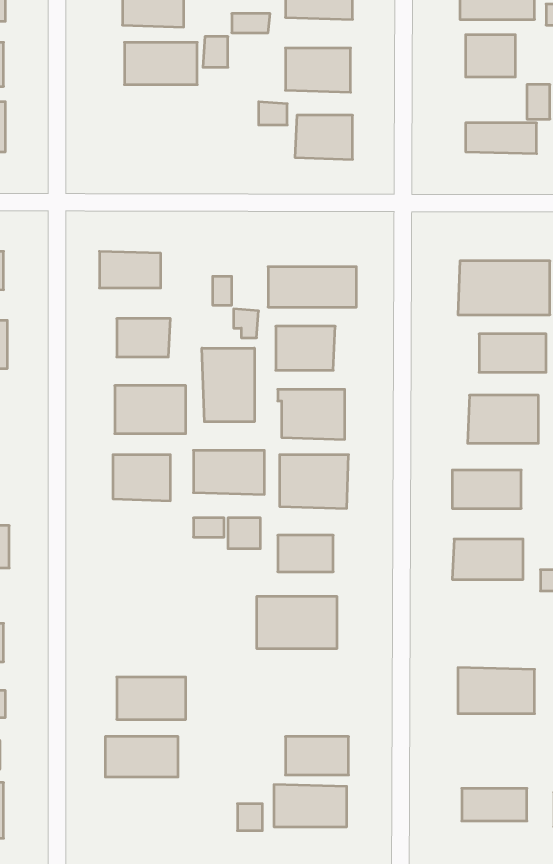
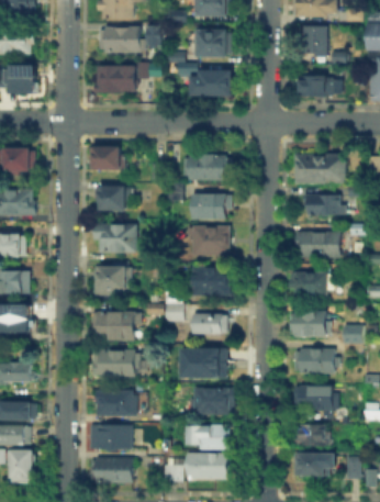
building: none -> [97,64,148,93]
building: [202,348,254,422] -> none
building: [193,450,264,494] -> [94,313,135,338]
building: none -> [294,350,336,372]
building: none -> [97,352,135,375]
building: none -> [193,388,234,414]
building: none -> [300,426,328,446]
building: none -> [90,458,133,483]

